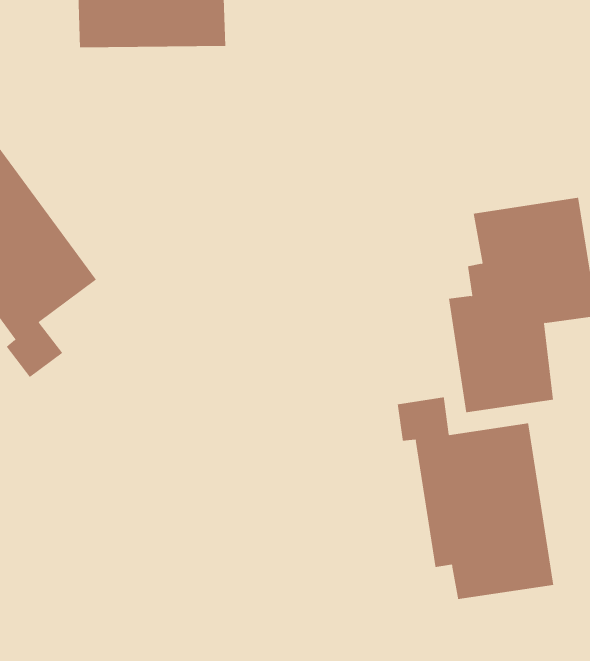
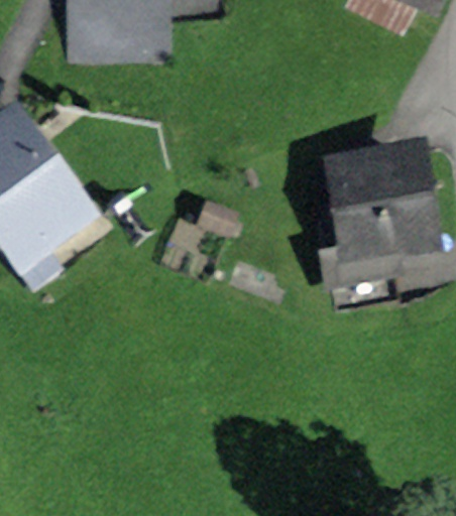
building: [397,397,554,600] -> none

